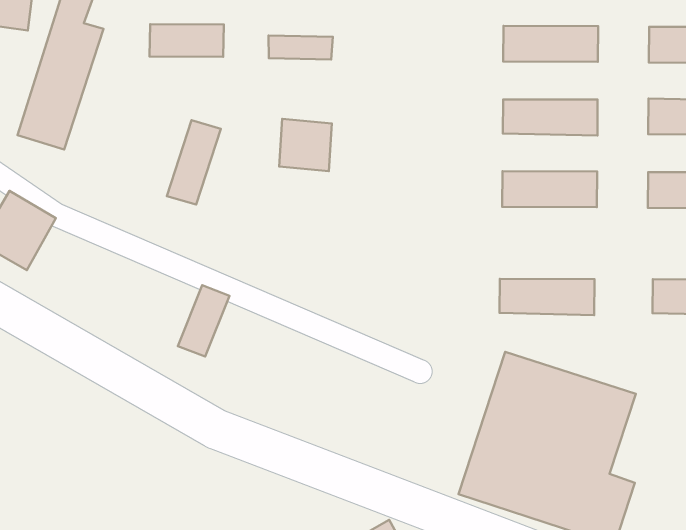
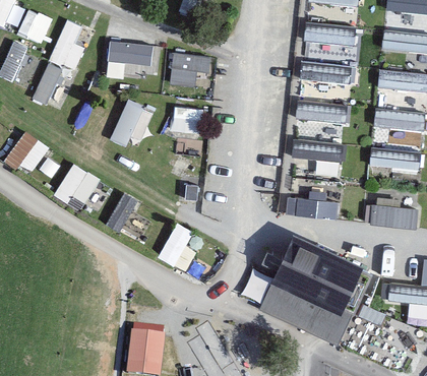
building: none -> [55,156,102,205]
building: none -> [160,216,198,263]

